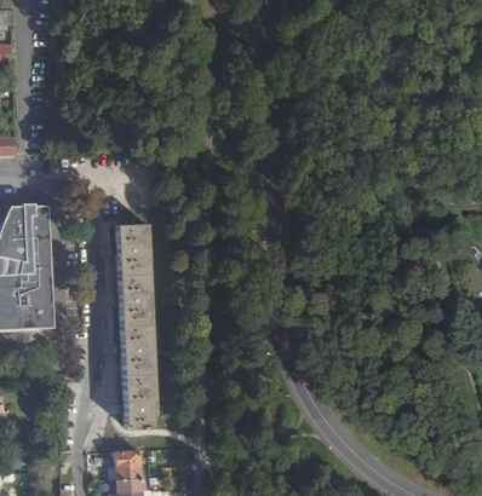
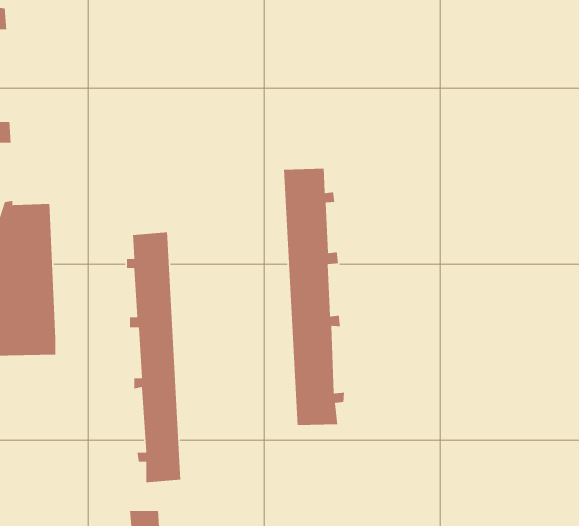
building: none -> [283,168,345,426]

